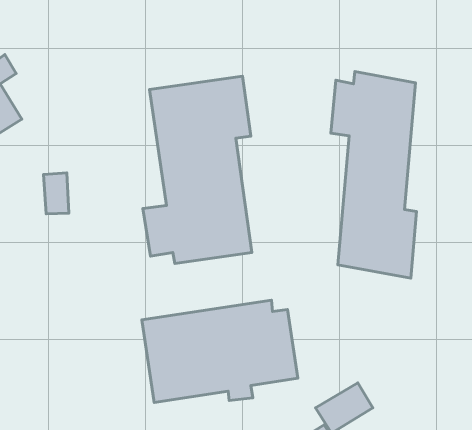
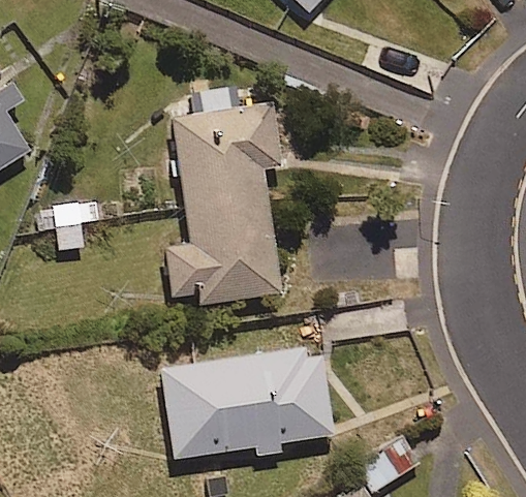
building: [331,71,416,278] -> none

